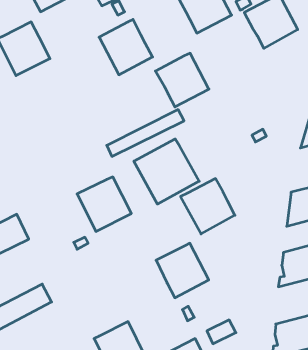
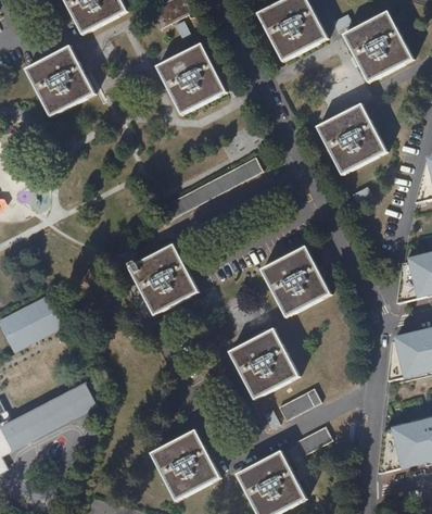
building: [155,53,209,107] -> [317,103,385,172]
building: [134,139,199,204] -> none
building: none -> [278,389,320,421]

